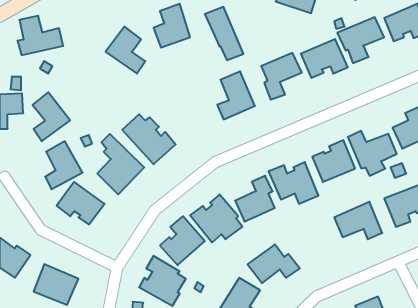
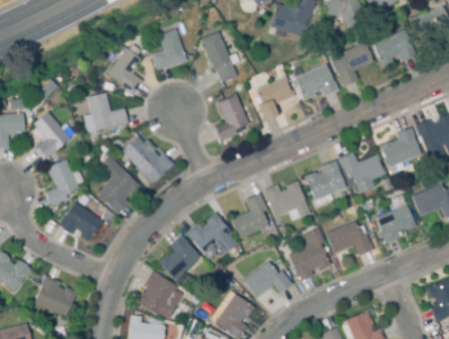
building: [17,16,63,55] -> [85,93,130,131]
building: none -> [287,228,329,281]

